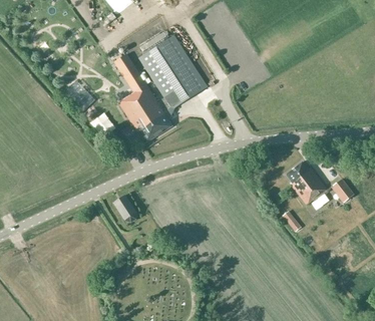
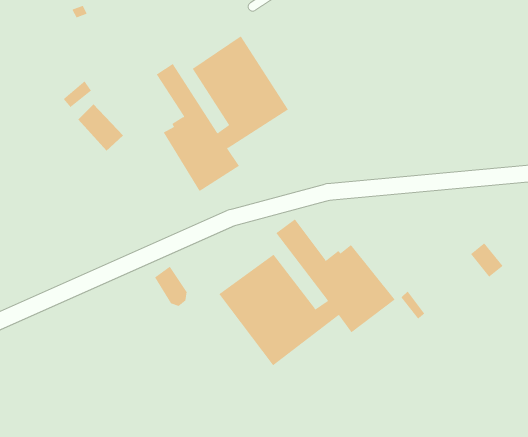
building: [286,160,327,204] -> none
building: none -> [218,219,396,366]

